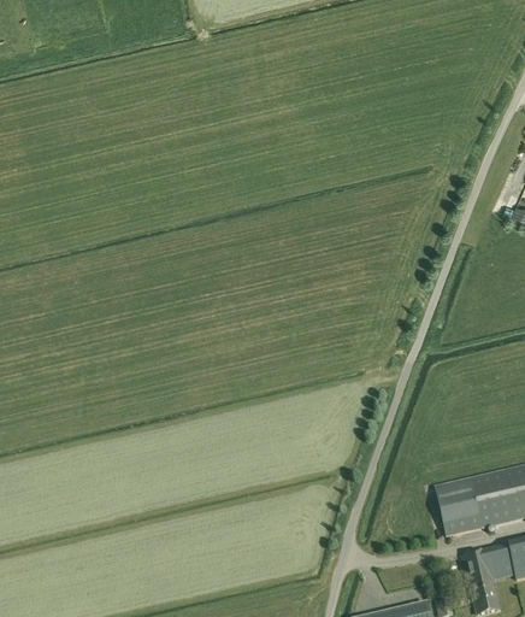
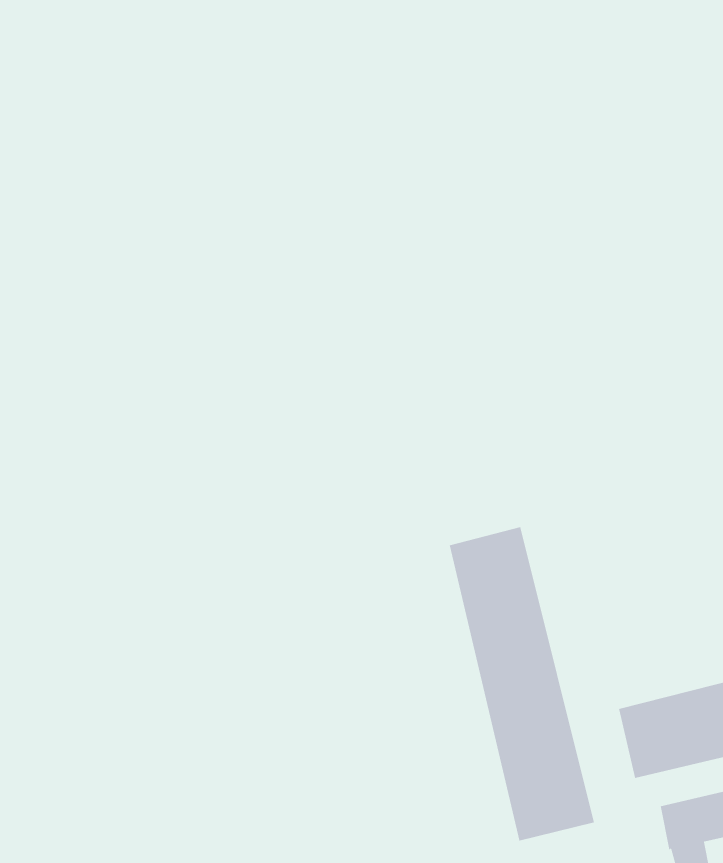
building: none -> [449,526,595,841]

